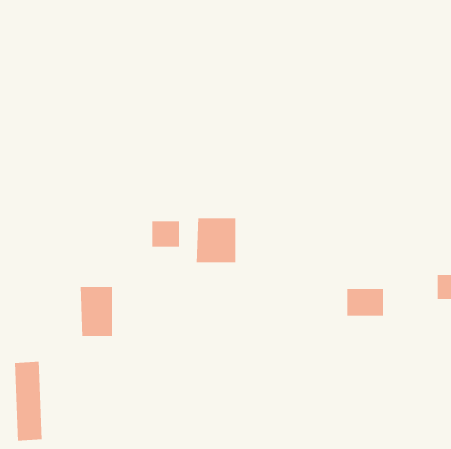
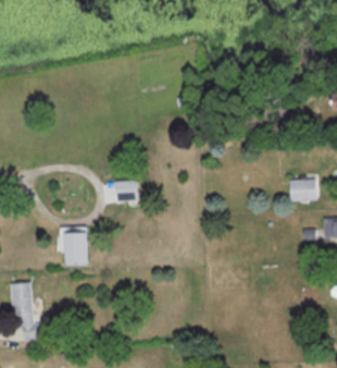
building: [196,218,236,263] -> none
building: [346,288,384,316] -> [289,180,316,200]

